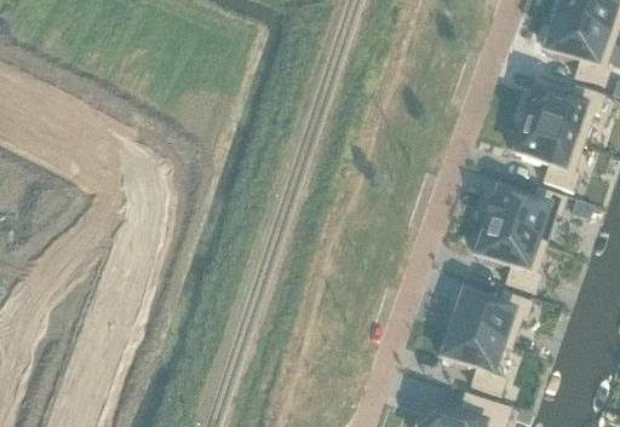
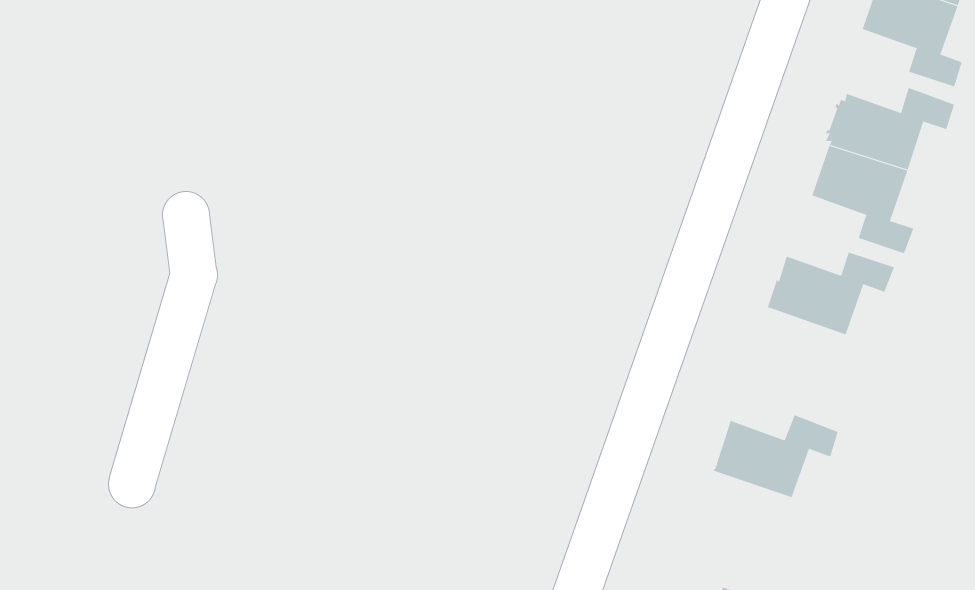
building: [476,219,540,287] -> none
building: [442,321,505,390] -> none

